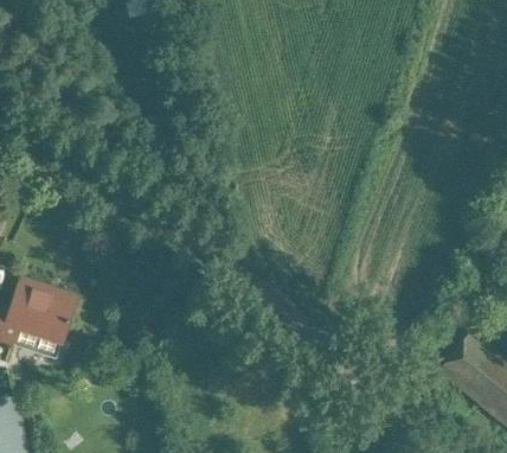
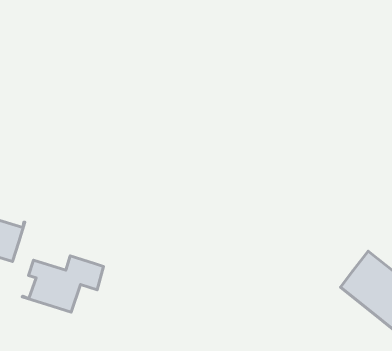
building: none -> [22,256,103,312]

